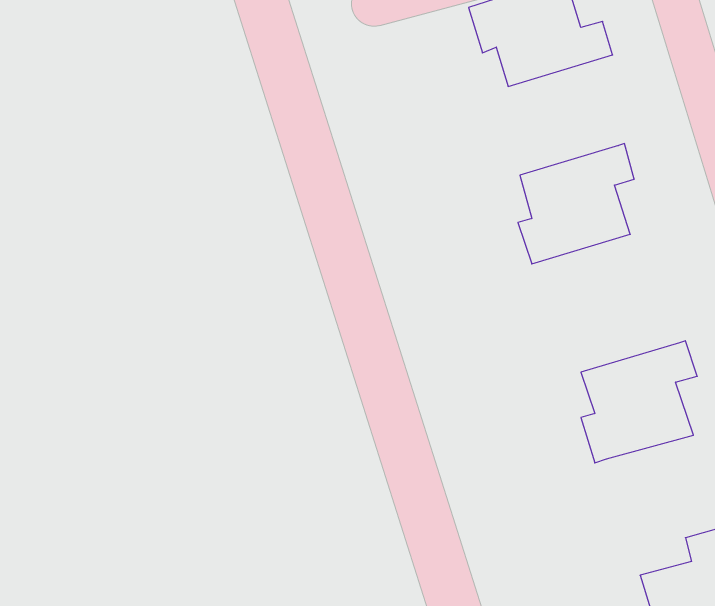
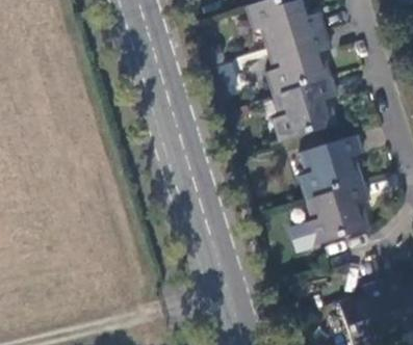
building: none -> [269,31,330,95]
building: none -> [301,134,362,198]

